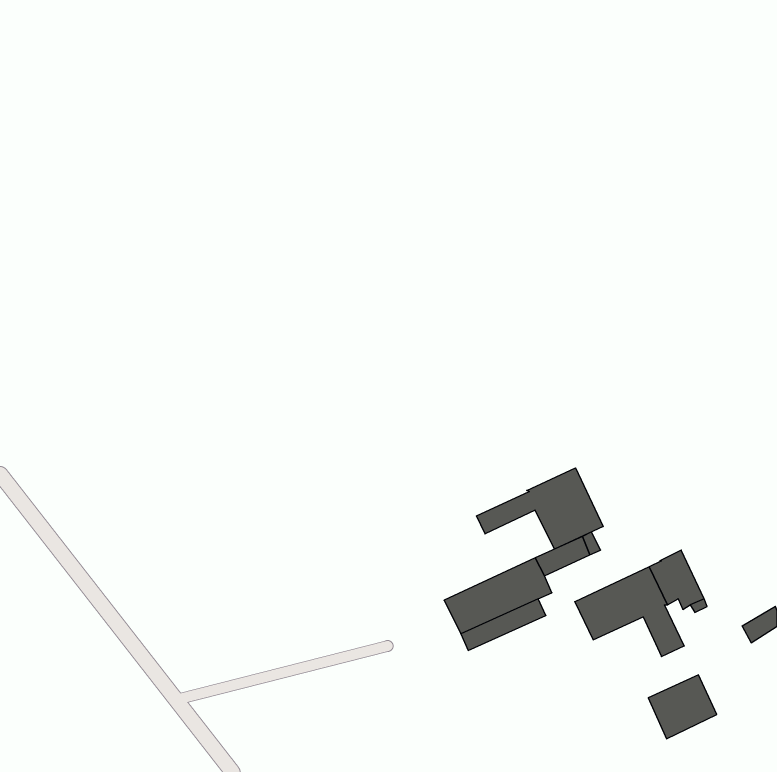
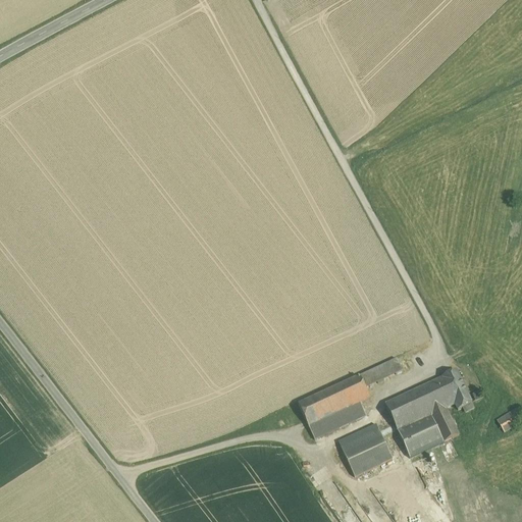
building: [477,468,603,549] -> none
building: none -> [338,423,393,475]
building: [648,675,717,739] -> [398,414,443,457]

